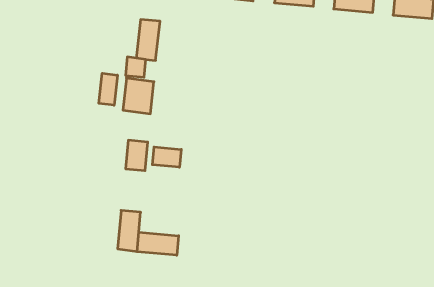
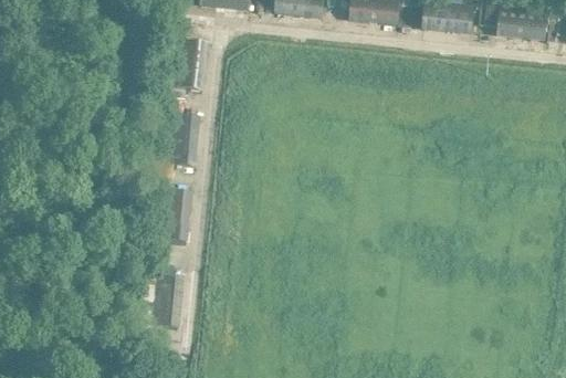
building: [99,73,117,105] -> none
building: [152,147,181,167] -> none
building: [137,232,179,255] -> none

